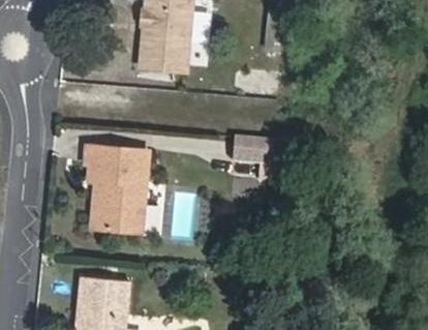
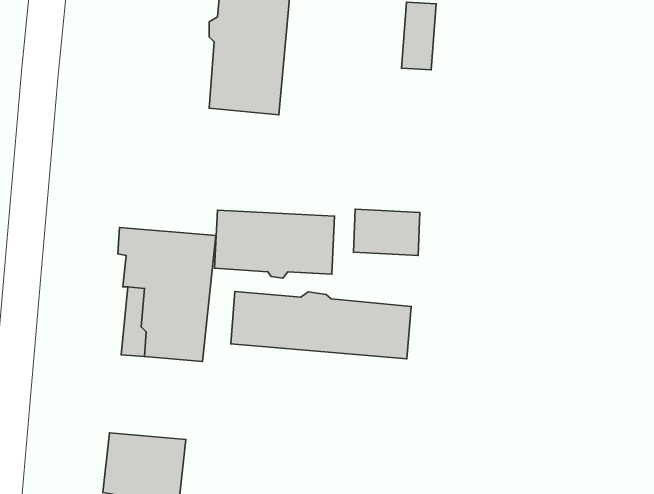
building: none -> [215,210,334,278]
building: none -> [231,291,411,359]

